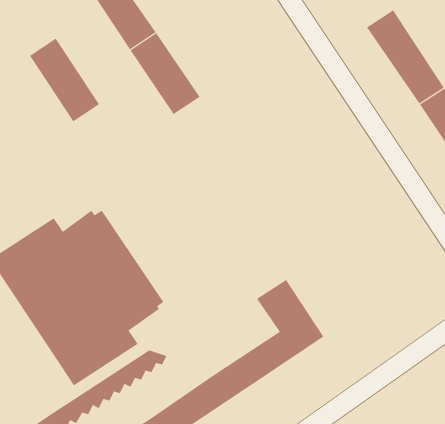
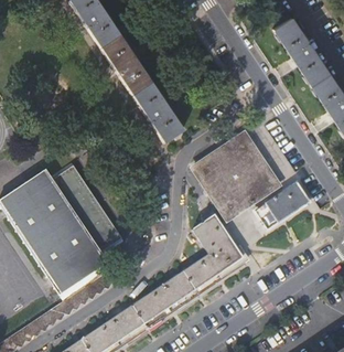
building: [29,38,100,122] -> [132,82,184,143]
building: none -> [192,132,280,220]
building: none -> [256,183,309,228]

